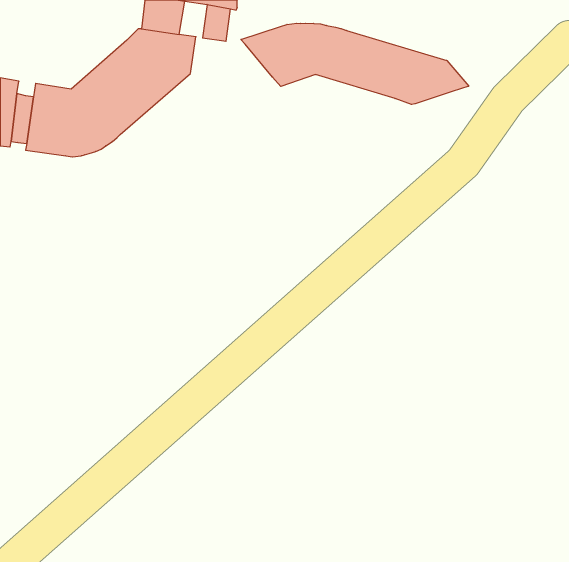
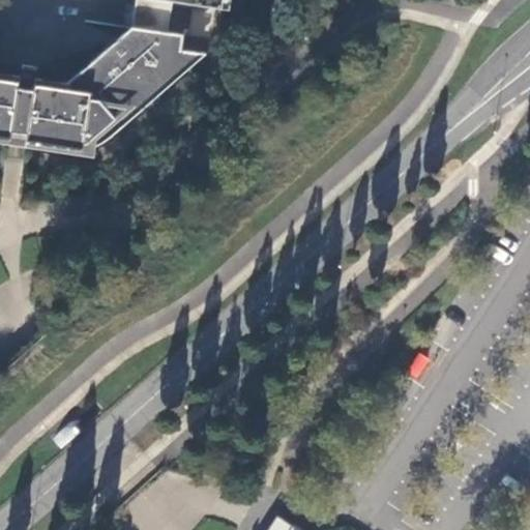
building: [241,23,469,104] -> none

